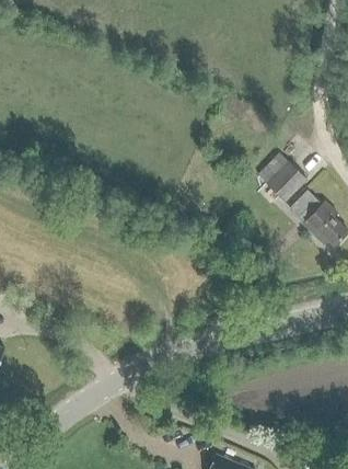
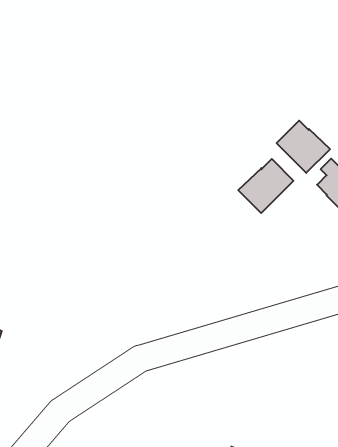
building: none -> [238,159,293,213]

